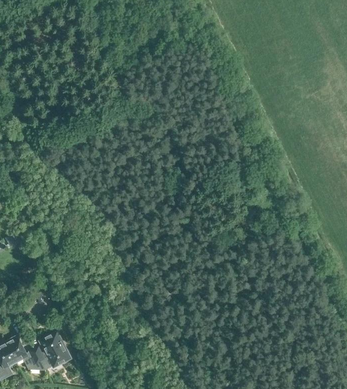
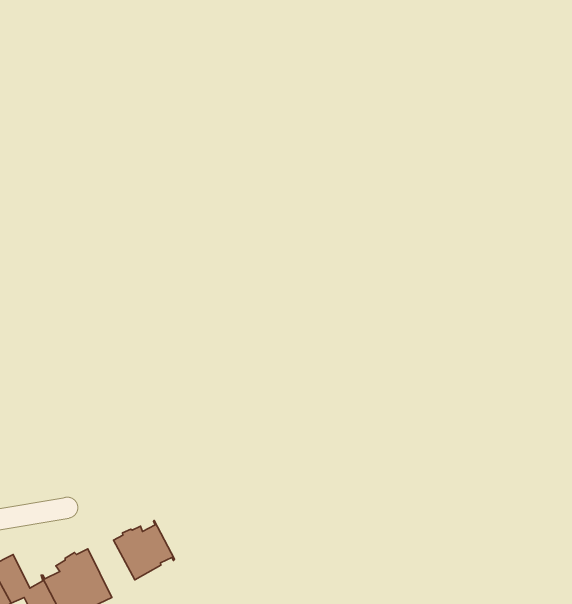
building: none -> [113,520,174,580]

